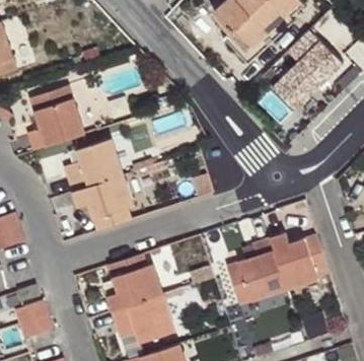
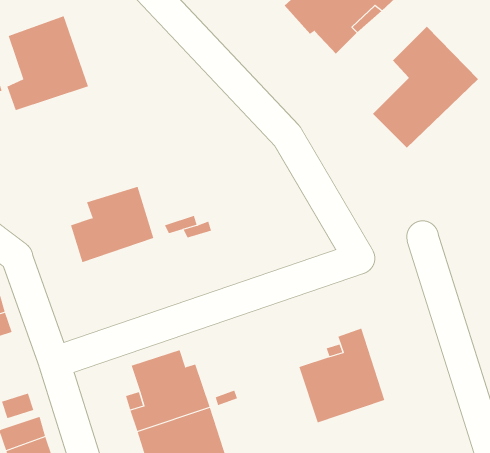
building: [27,85,85,152] -> [6,16,89,111]
building: [73,175,134,232] -> none
building: [270,233,327,289] -> none

